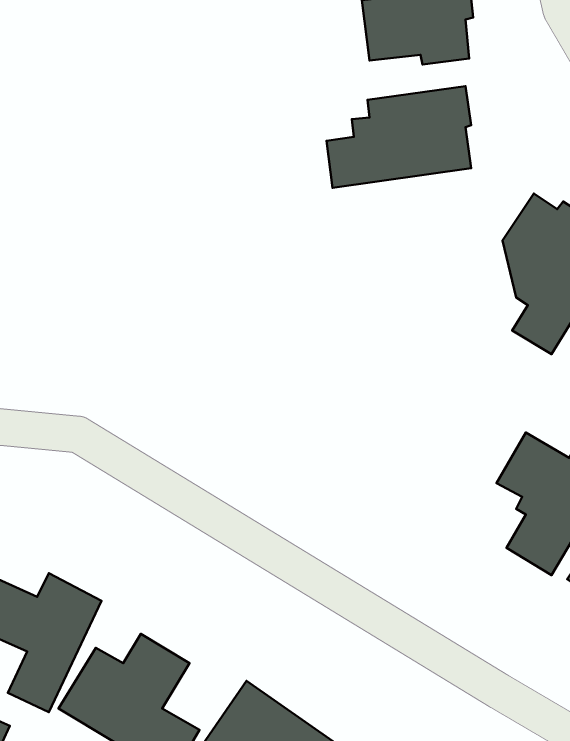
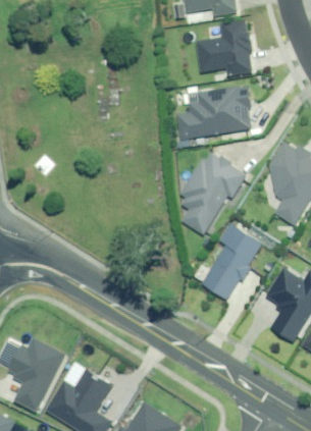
building: none -> [180,153,247,235]
building: none -> [194,221,261,301]

